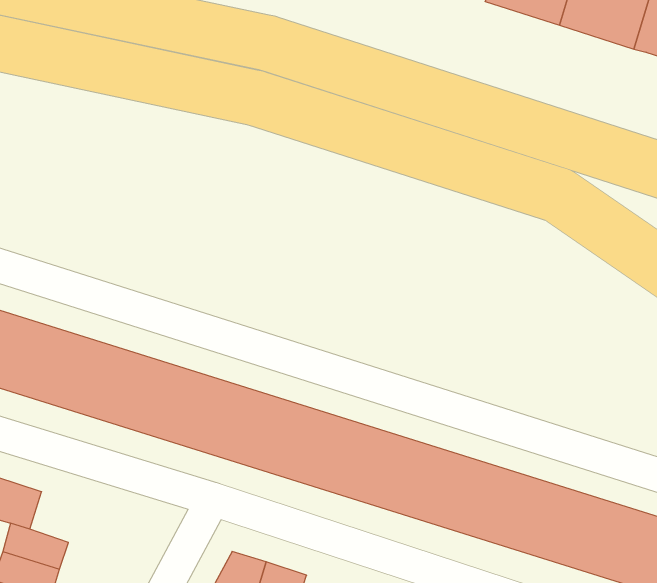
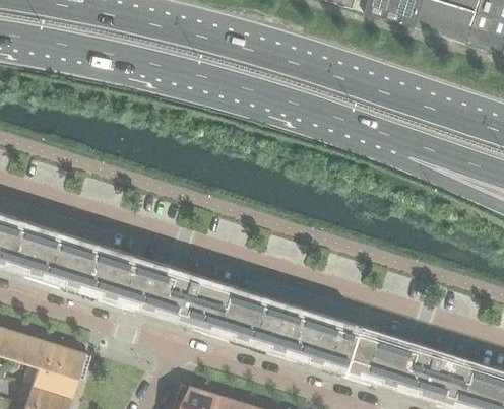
building: none -> [52,346,86,381]

